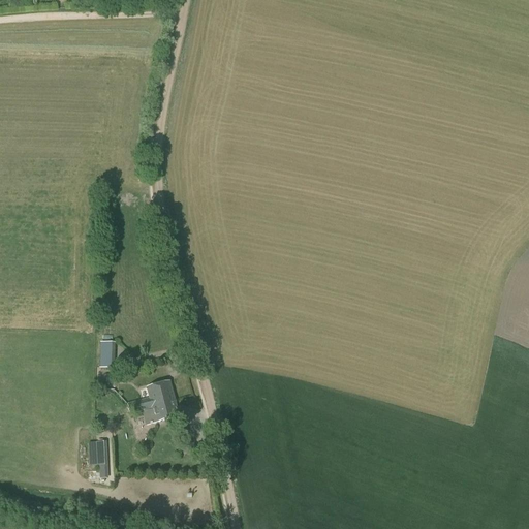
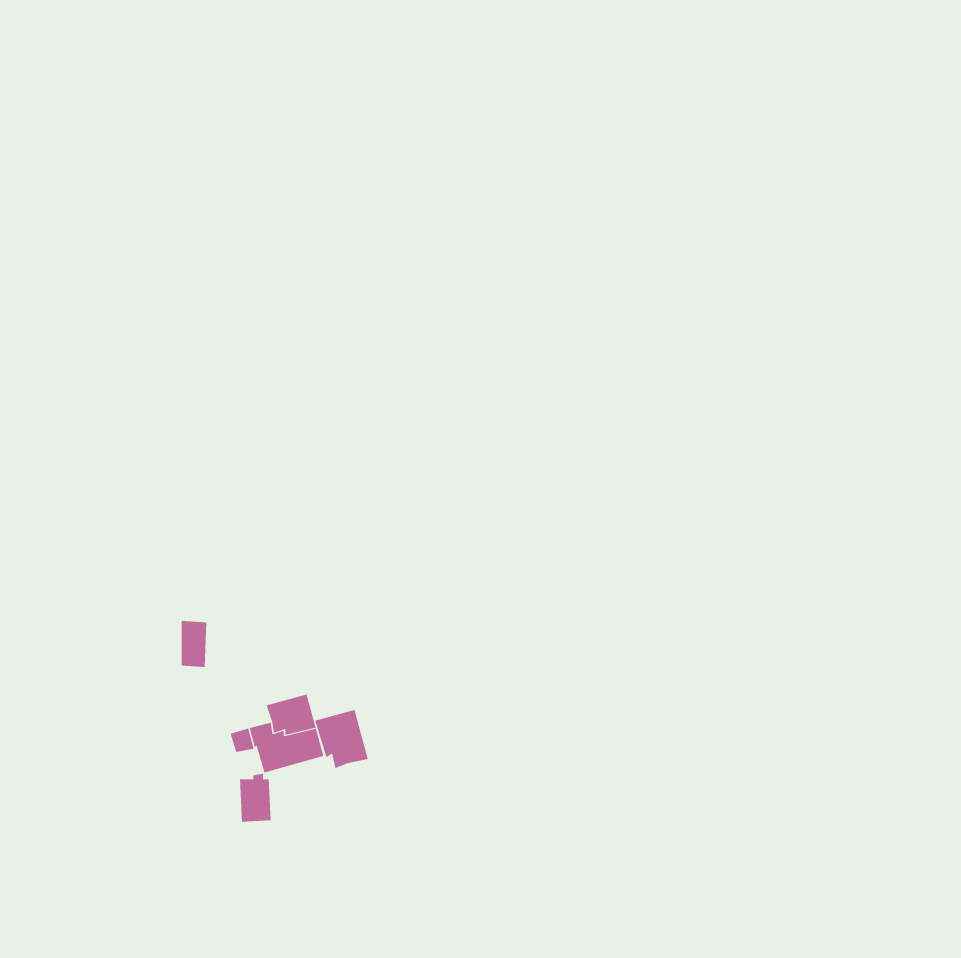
building: none -> [314,709,369,769]
building: [89,437,106,464] -> [239,773,271,822]

